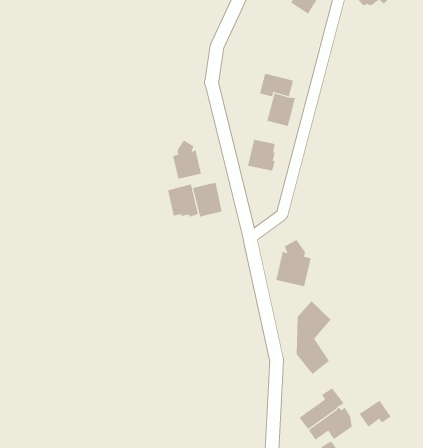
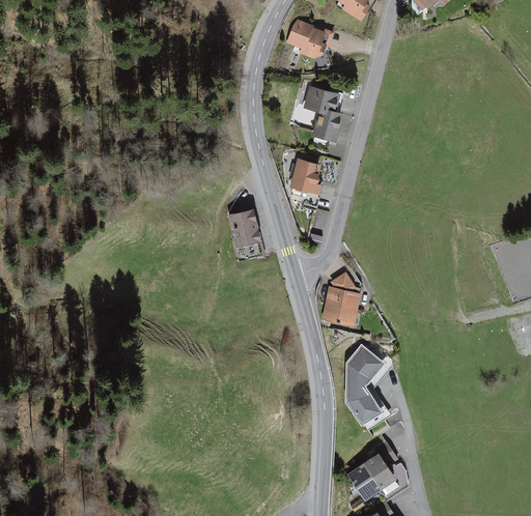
building: none -> [282,16,331,60]
building: [173,140,202,179] -> none
building: [167,183,198,217] -> none
building: [359,400,391,428] -> none

